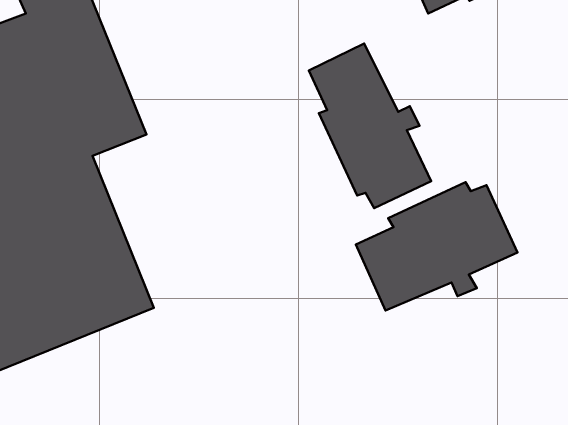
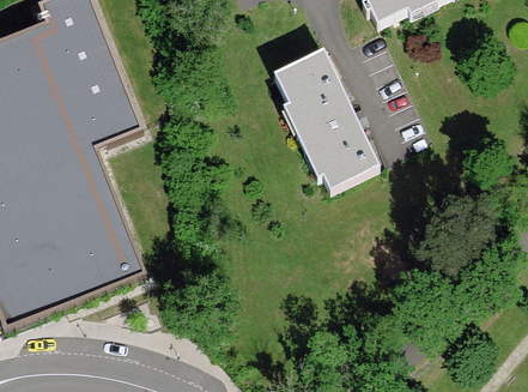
building: [356,182,517,311] -> none

